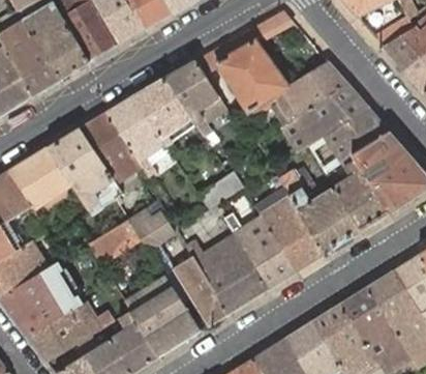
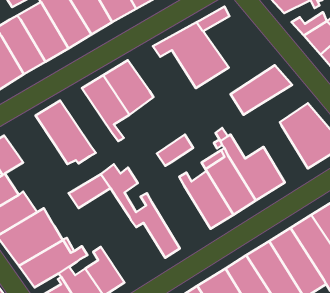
building: [163,59,226,136] -> none
building: [248,60,347,121] -> none
building: [325,108,389,163] -> none
building: [79,112,143,184] -> none
building: [8,146,72,208] -> none
building: [333,159,389,230] -> none
building: [188,234,267,313] -> none
building: [127,278,201,355] -> none

